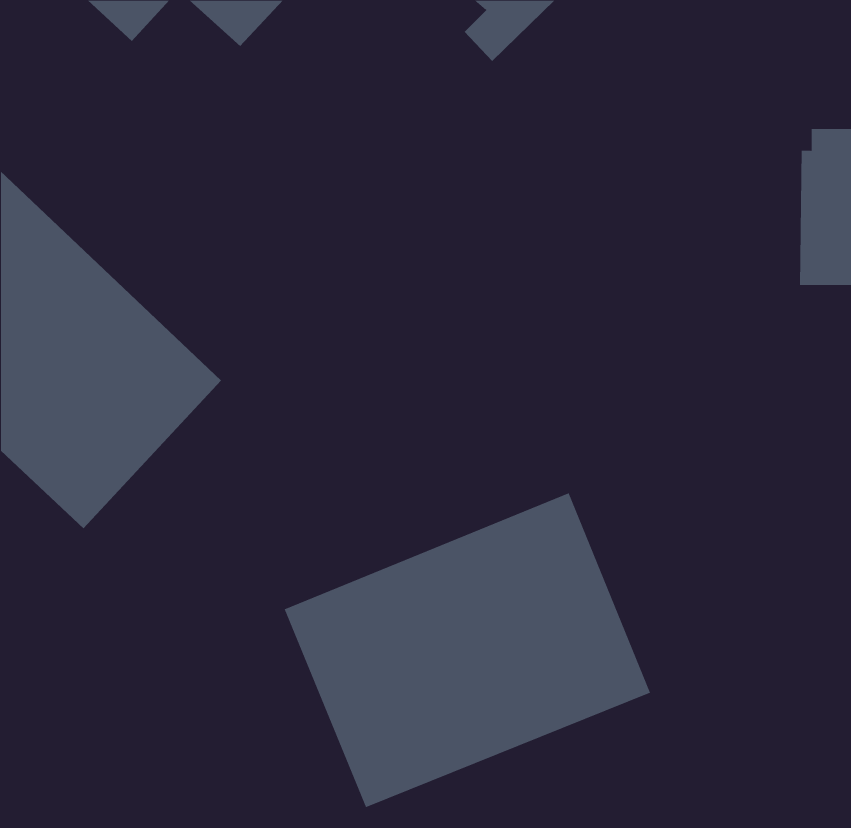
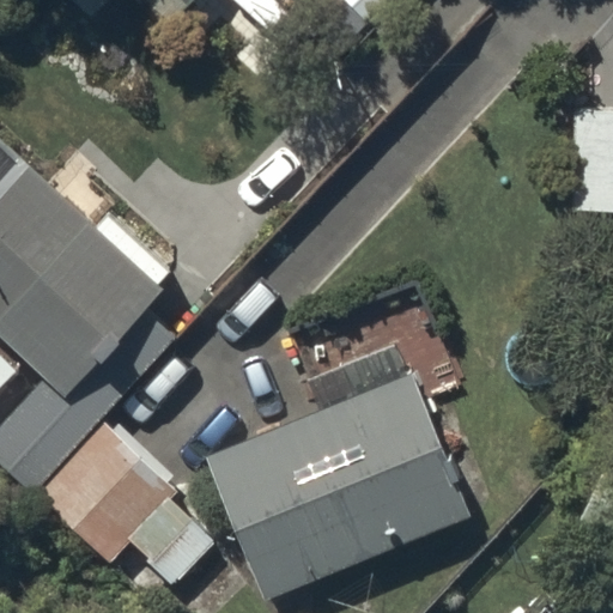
building: none -> [37,424,214,587]

